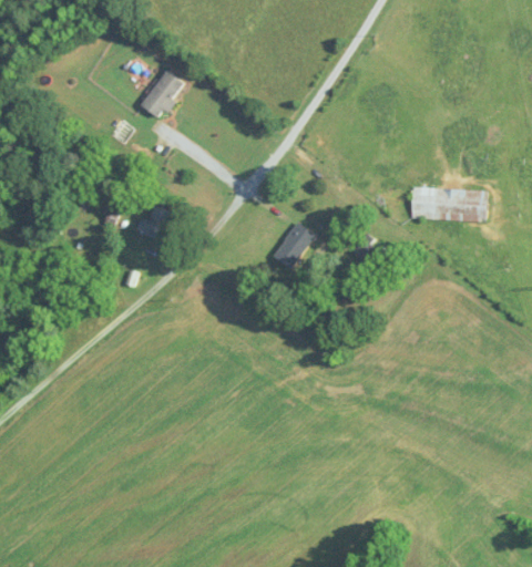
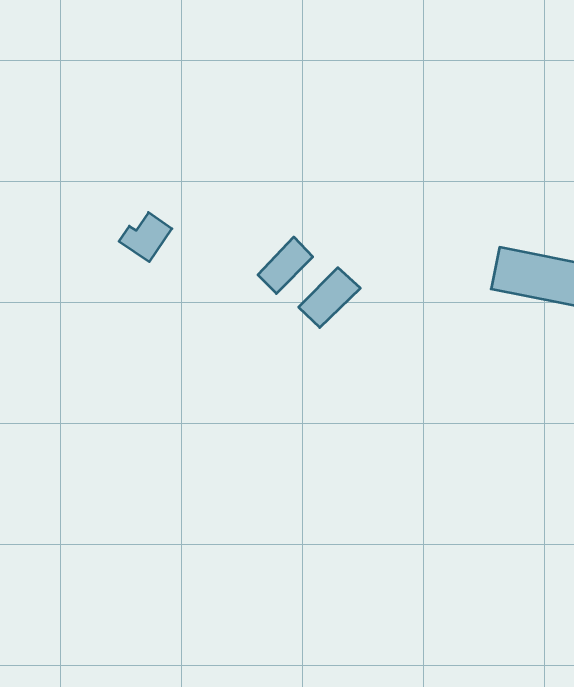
building: [140,70,183,117] -> none
building: none -> [258,237,313,294]

